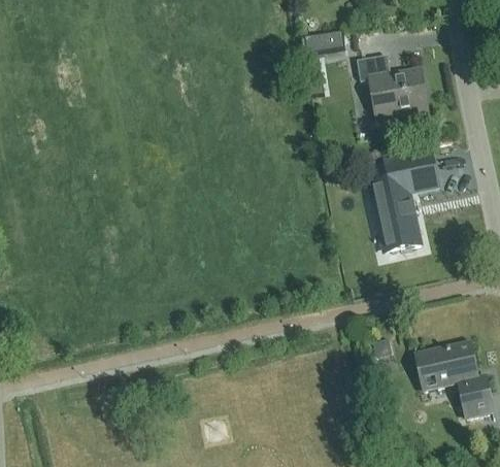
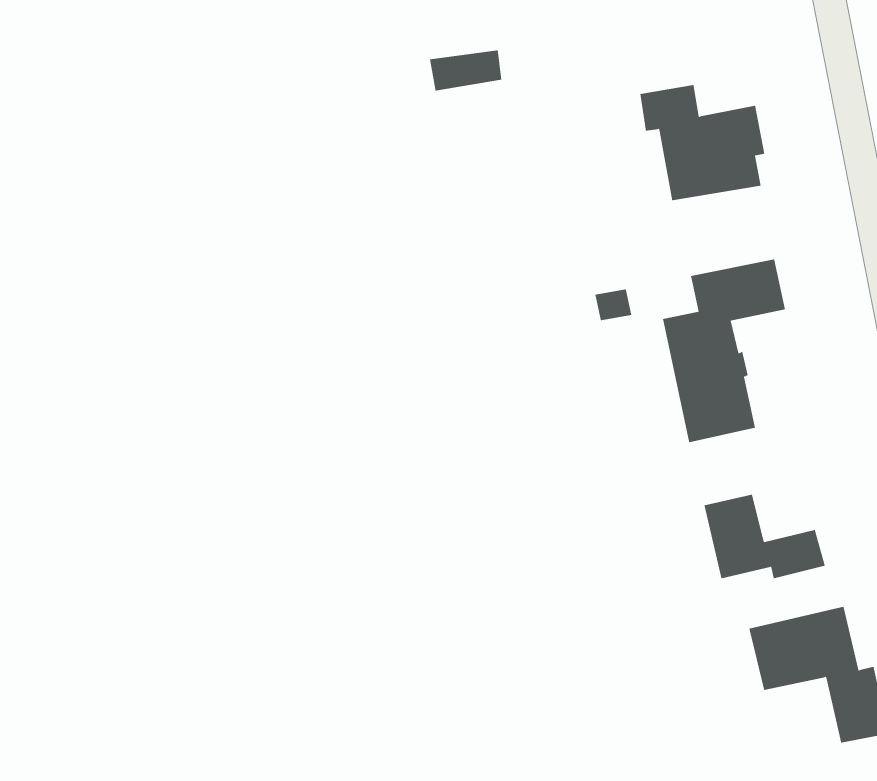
building: [305,31,345,54] -> [429,50,502,91]
building: none -> [704,494,825,579]

